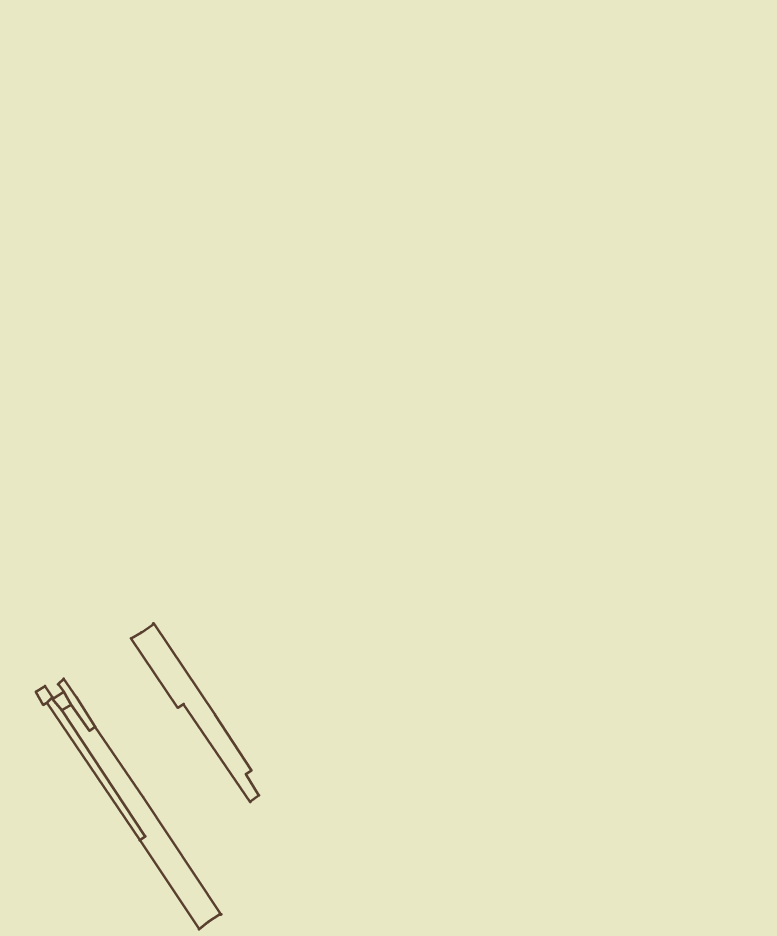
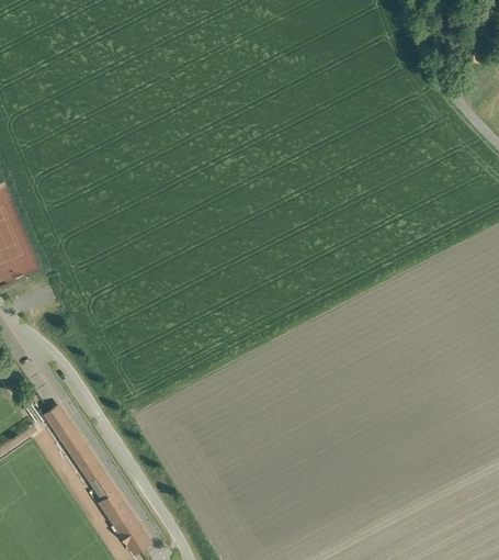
building: [131,623,259,802] -> none

